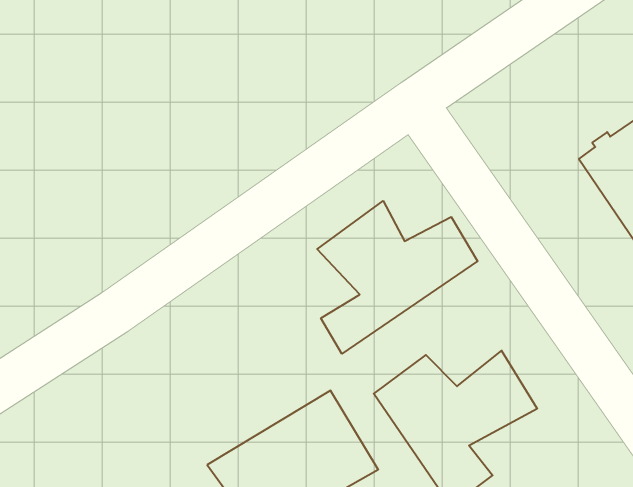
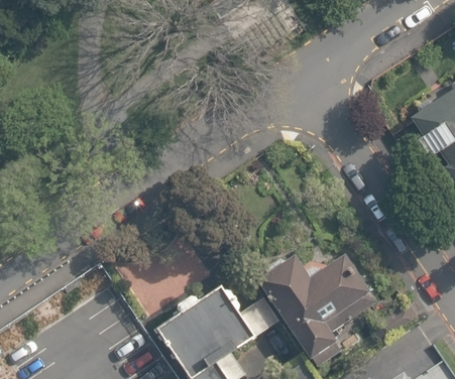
building: [317,201,478,354] -> none

